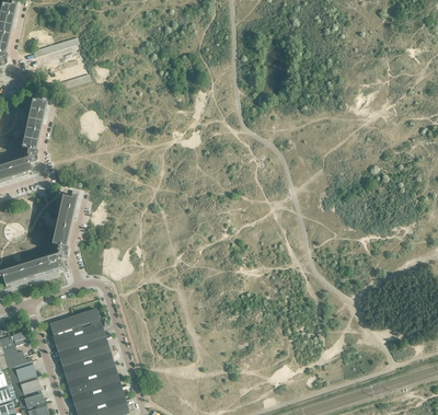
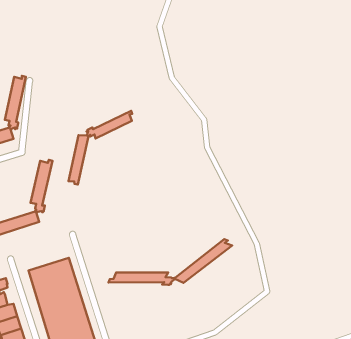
building: none -> [68,111,132,185]
building: none -> [109,239,232,285]

